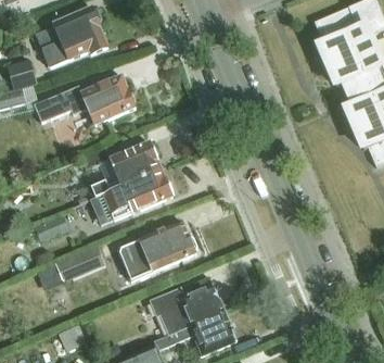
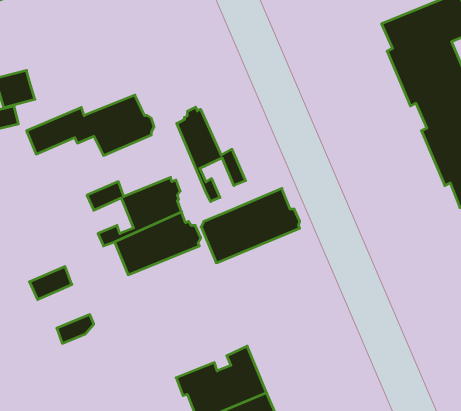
building: [35,8,106,66] -> none
building: none -> [177,107,246,202]
building: [117,222,195,280] -> [201,188,300,263]

